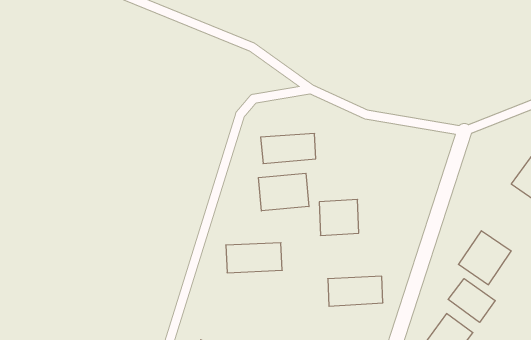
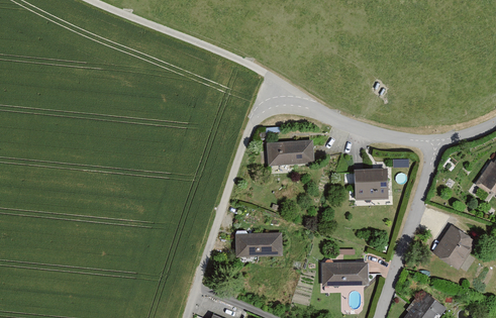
building: [258,173,309,211] -> none
building: [319,199,359,235] -> [354,171,387,201]
building: [448,279,495,322] -> none

